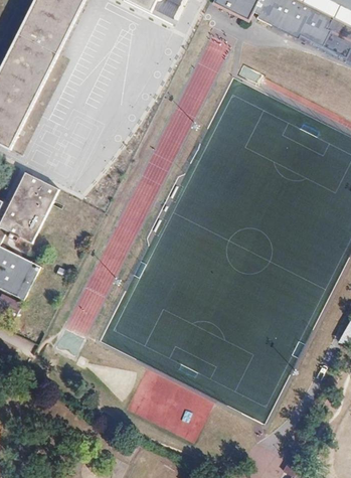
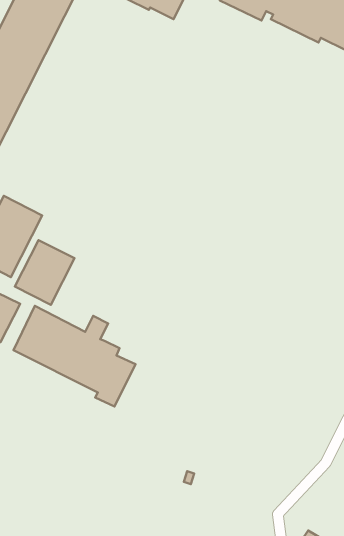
building: none -> [15,240,74,305]
building: none -> [13,306,136,407]

